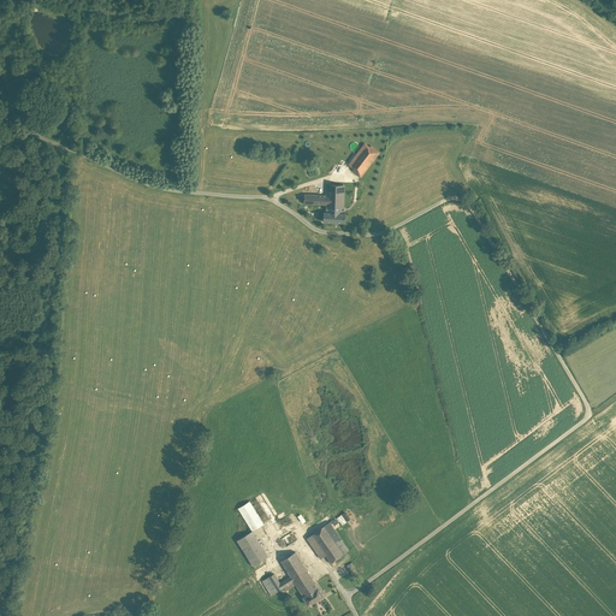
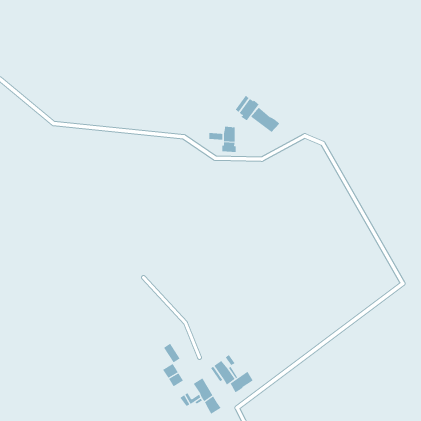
building: none -> [250,107,280,133]
building: none -> [230,371,254,393]

